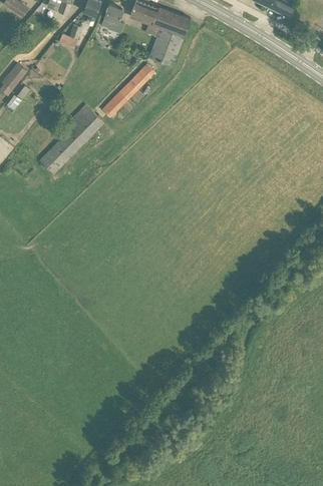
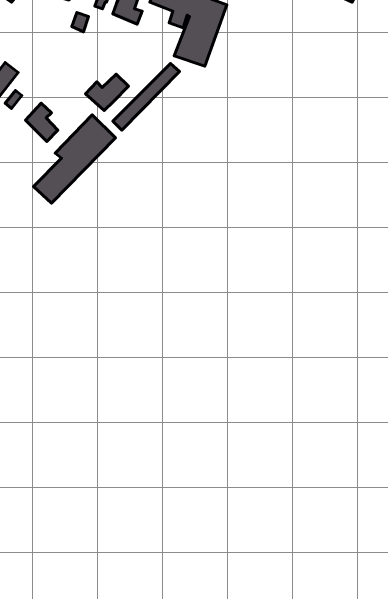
building: none -> [85,74,128,111]
building: none -> [25,103,58,141]

